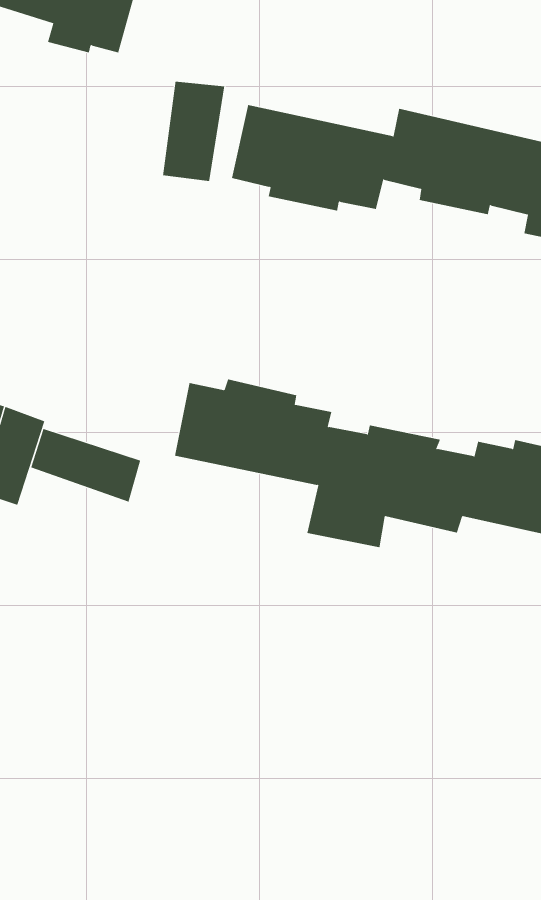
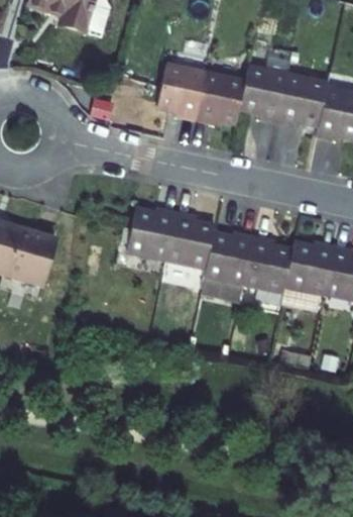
building: [162,81,225,182] -> none
building: [31,428,141,502] -> none

